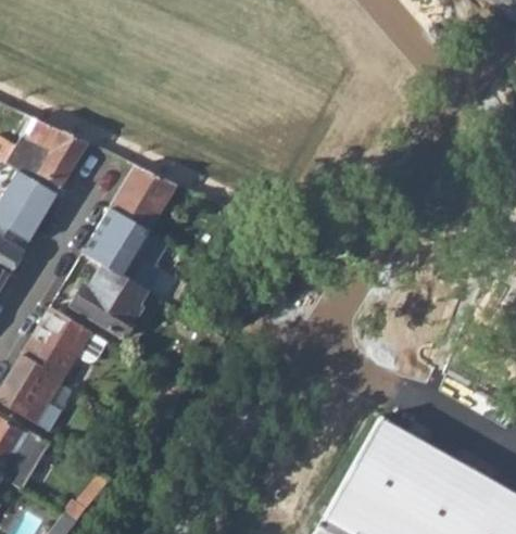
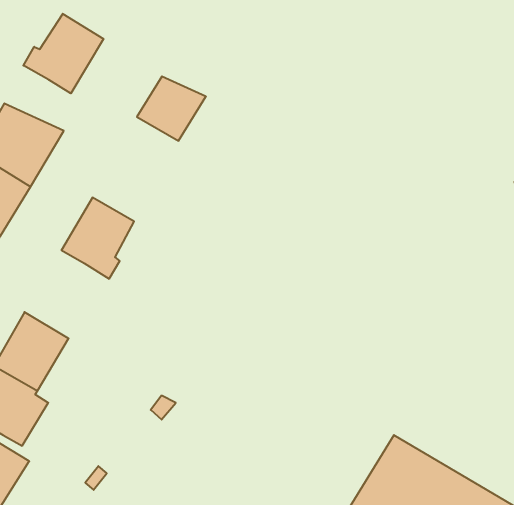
building: none -> [23,14,103,93]
building: [112,167,175,226] -> [137,76,206,141]
building: [71,264,161,336] -> none

